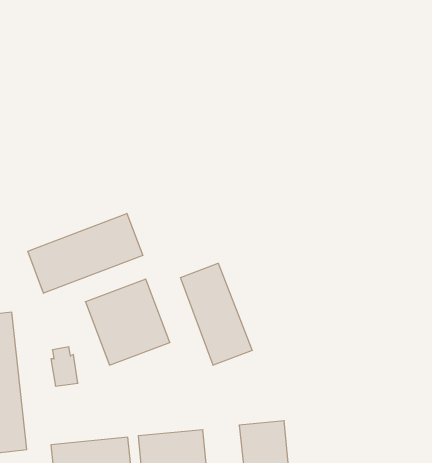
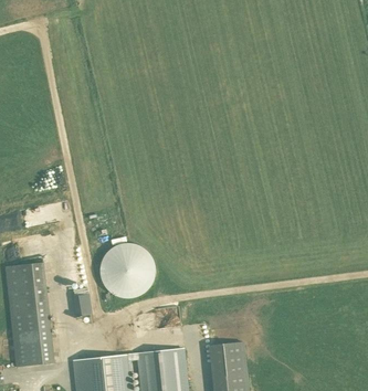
building: [28,213,143,293] -> none
building: [180,263,252,365] -> none

